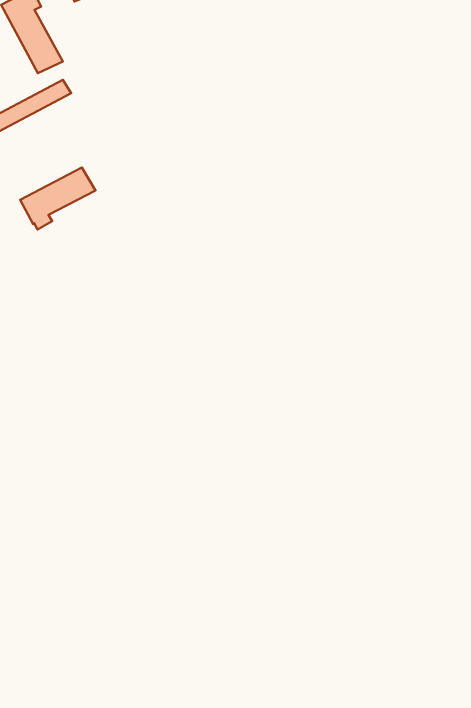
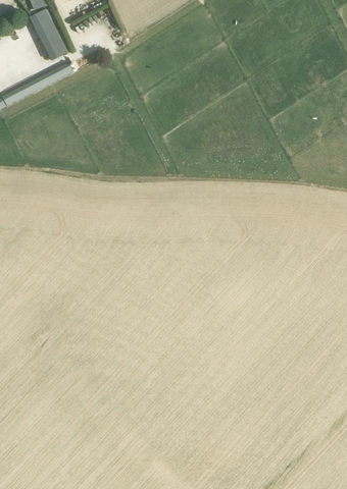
building: [20,167,96,229] -> none

